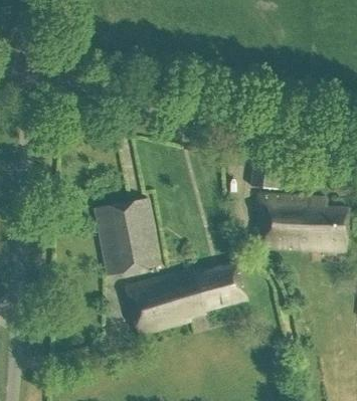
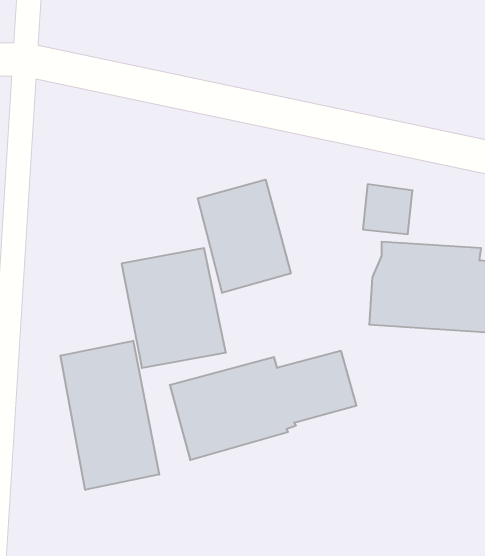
building: none -> [198,180,291,293]
building: none -> [61,341,159,490]

